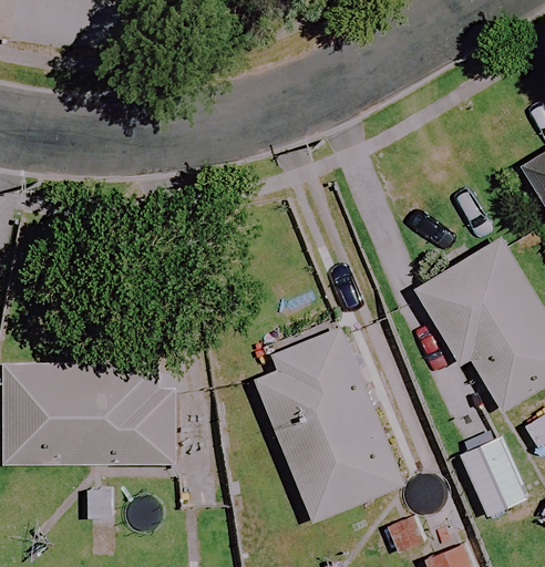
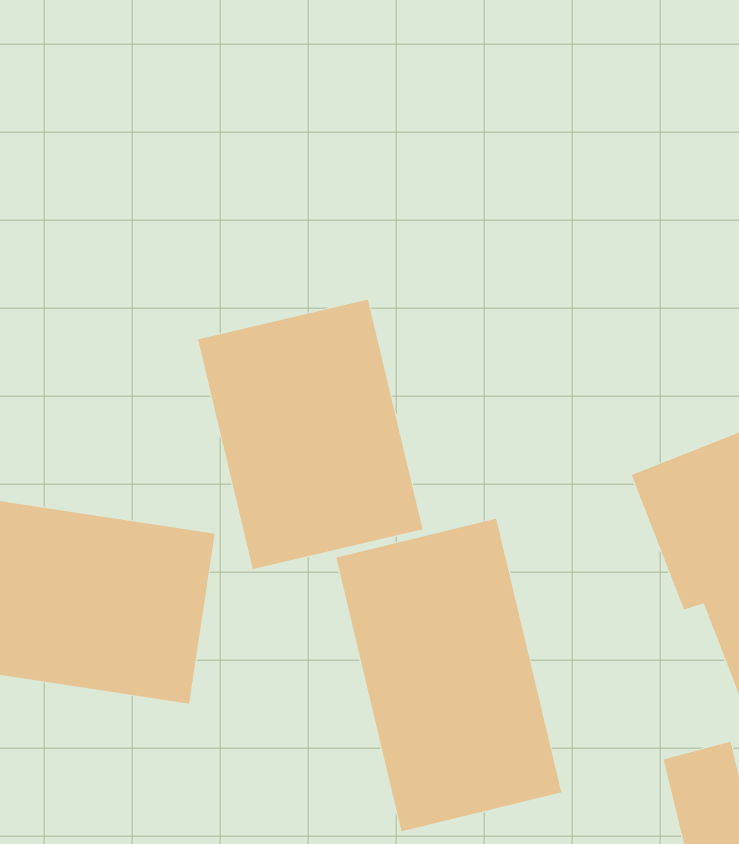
building: none -> [198,299,423,570]

